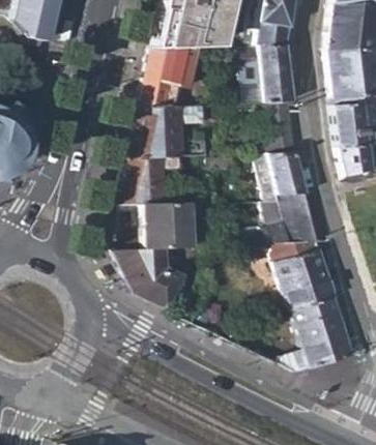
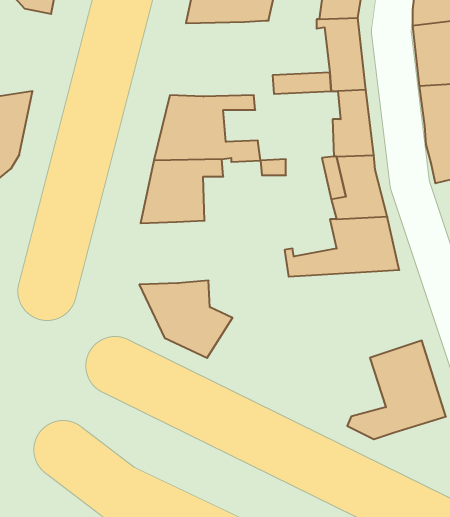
building: [137,49,195,107] -> none
building: [142,203,190,251] -> none
building: [247,241,332,310] -> none

